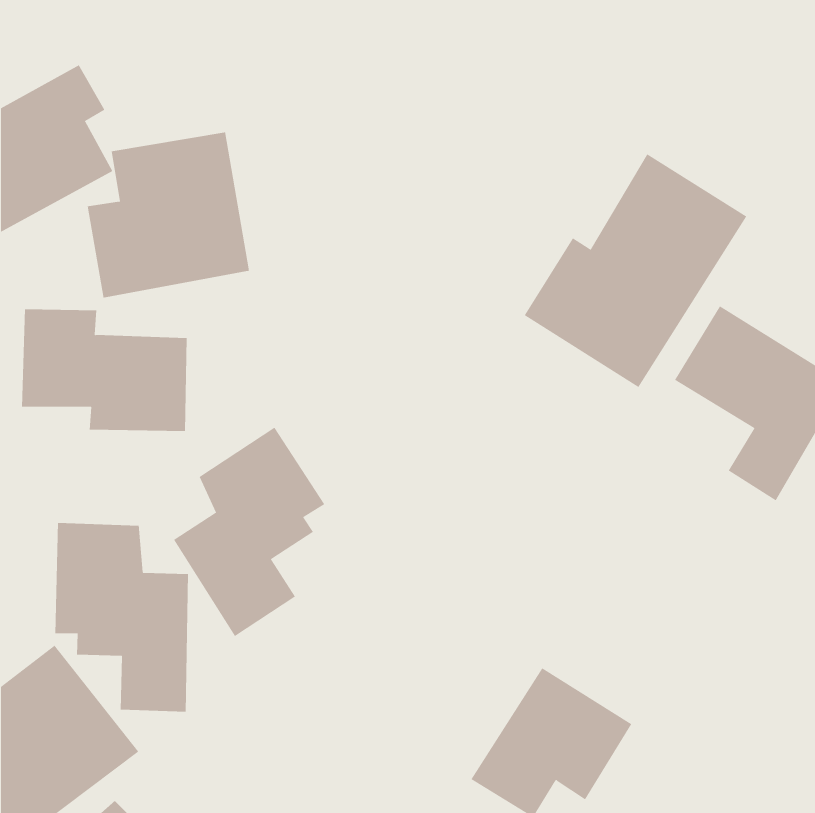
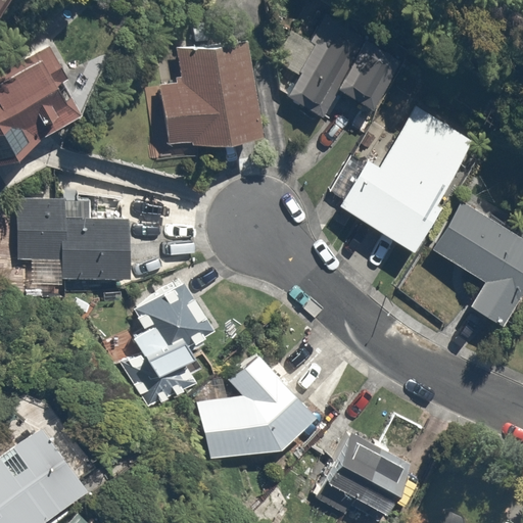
building: none -> [272,28,396,121]
building: [87,132,250,298] -> [160,40,264,145]
building: [55,522,188,712] -> none
building: none -> [198,352,316,467]

